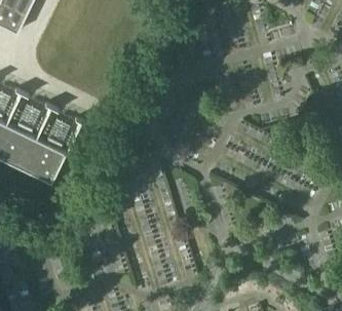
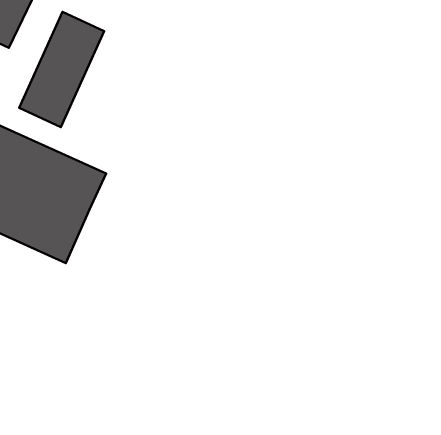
building: none -> [19,12,104,127]

